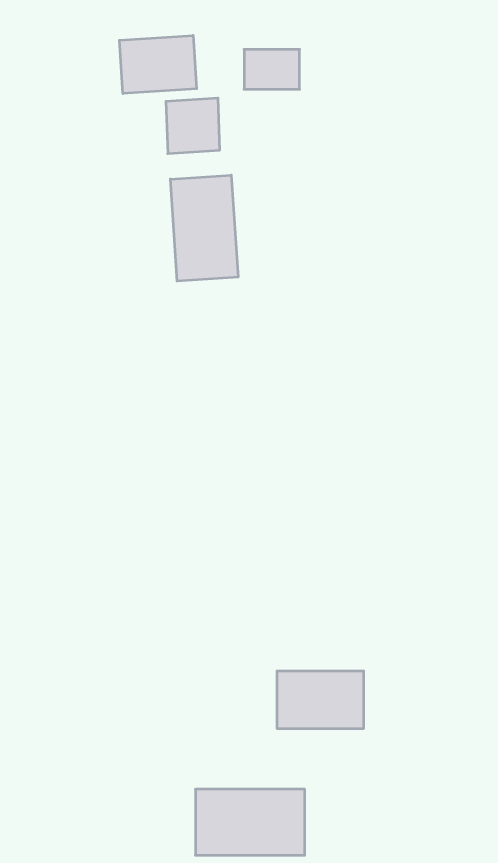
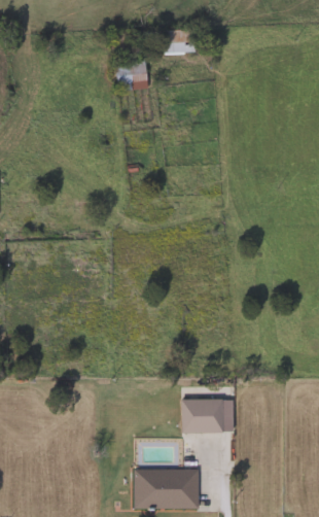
building: [119,35,197,94] -> none
building: [170,175,238,281] -> none

